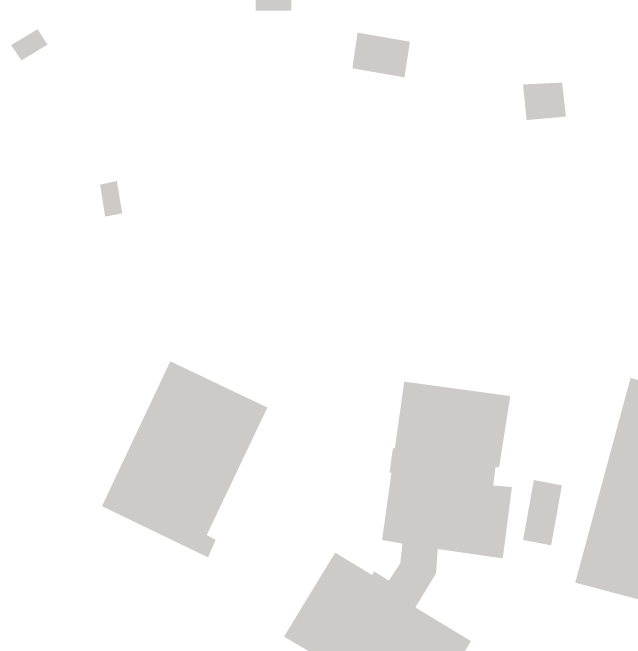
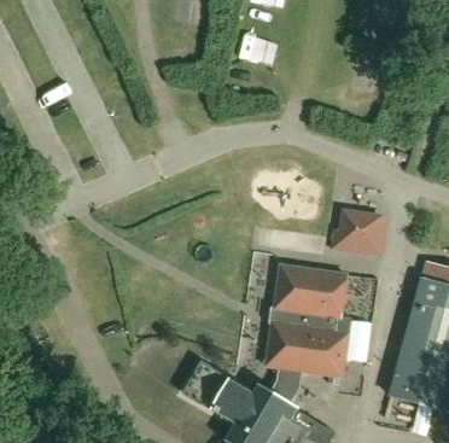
building: none -> [330,208,386,256]
building: [101,360,268,558] -> none

